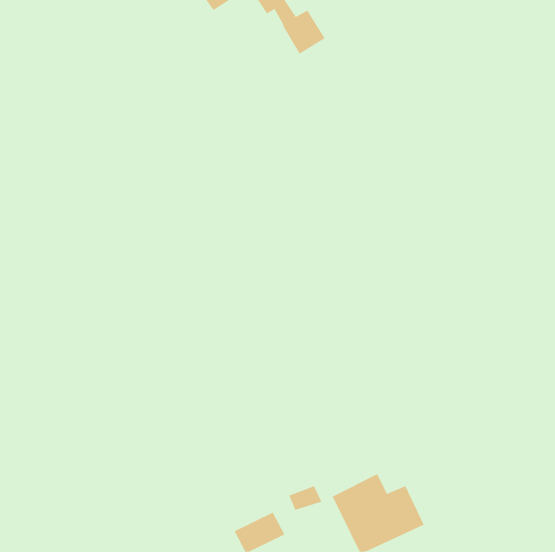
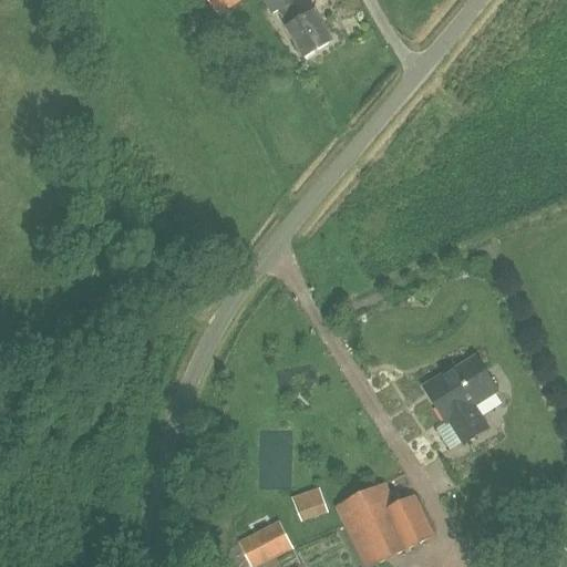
building: none -> [423,354,495,440]

